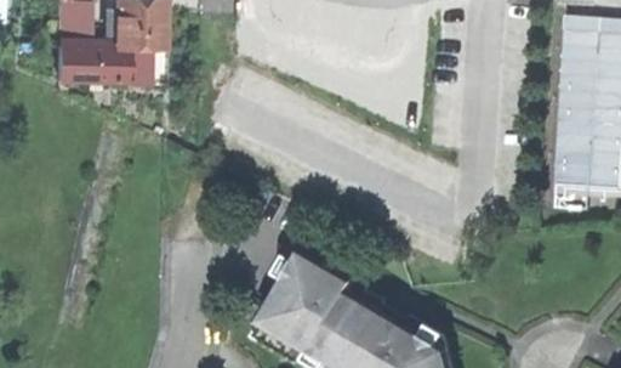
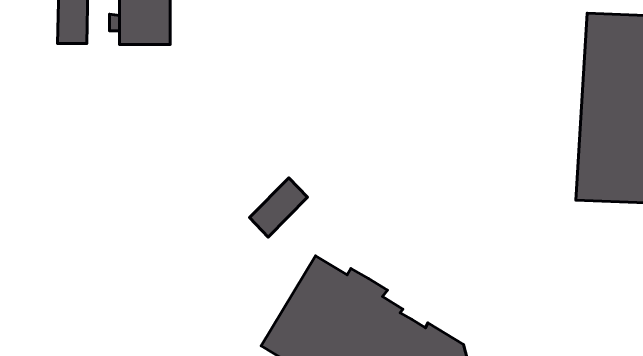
building: [56,44,164,79] -> none
building: none -> [250,178,308,237]

